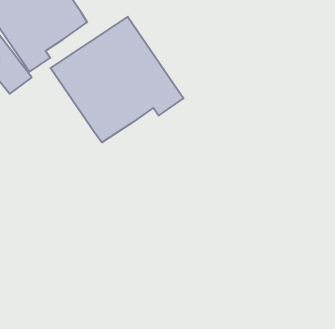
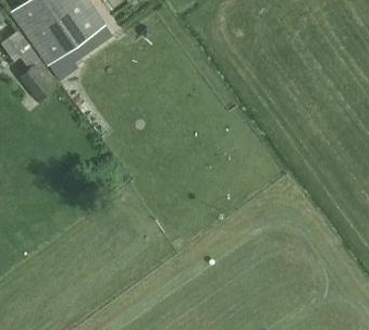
building: [50,17,184,142] -> none

